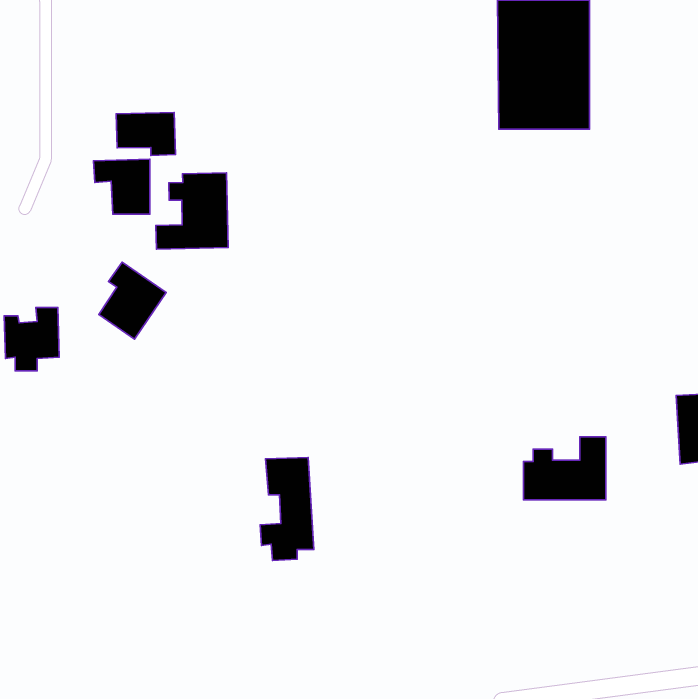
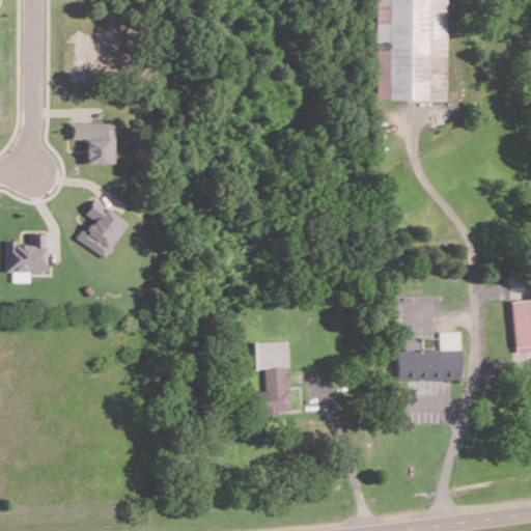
building: [116,113,175,155] -> none
building: [156,173,228,249] -> none
building: [260,458,314,561] -> [251,341,291,419]

